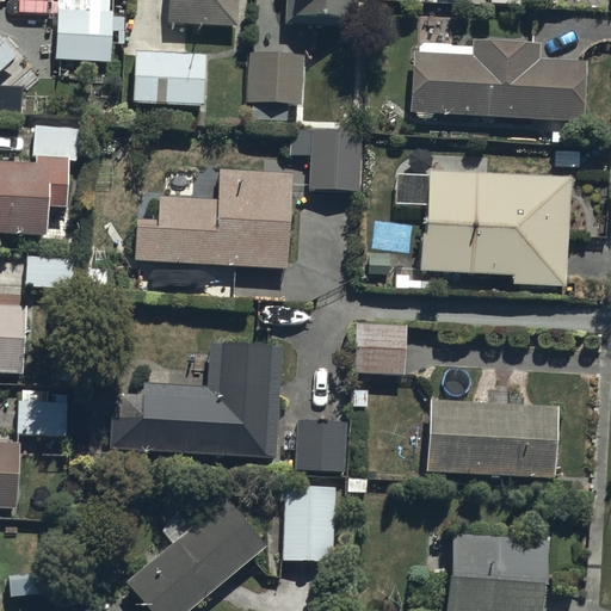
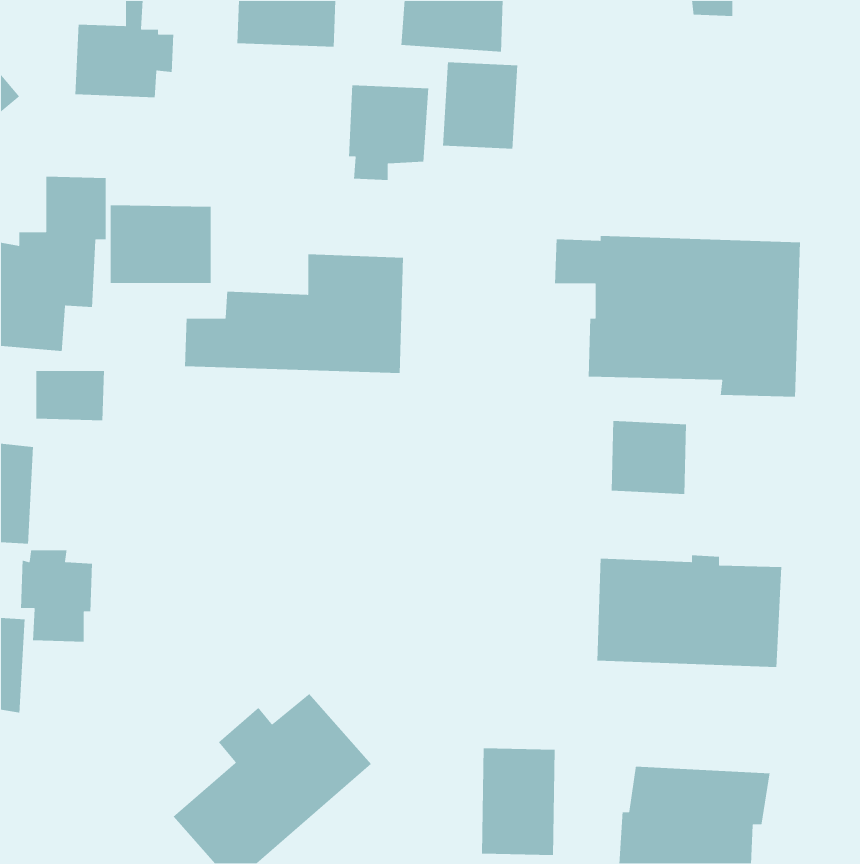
building: [411,50,587,131] -> none
building: [132,58,204,115] -> [110,204,211,284]
building: [310,137,364,199] -> [442,62,518,150]
building: [351,323,405,376] -> [611,420,687,495]
building: [111,337,279,452] -> none
building: [295,413,345,465] -> none
building: [283,488,335,564] -> [481,747,556,856]

